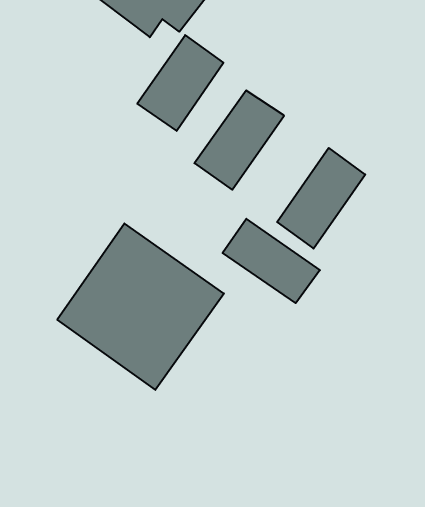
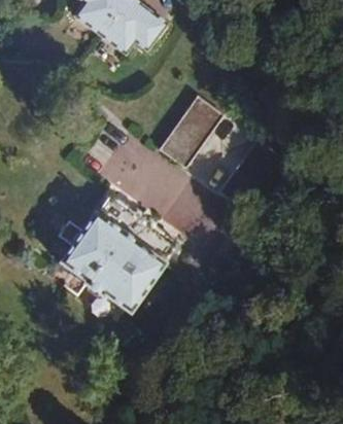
building: [137,35,223,131] -> none
building: [223,219,320,303] -> none

